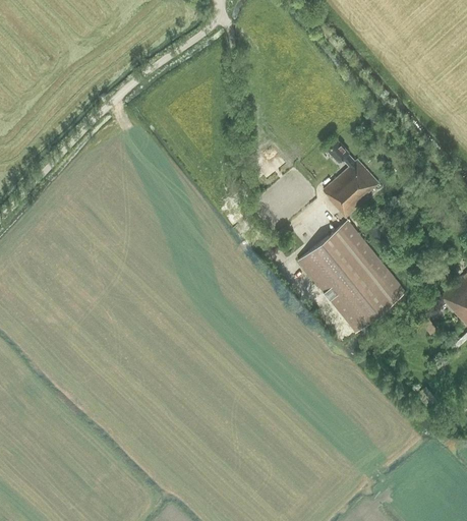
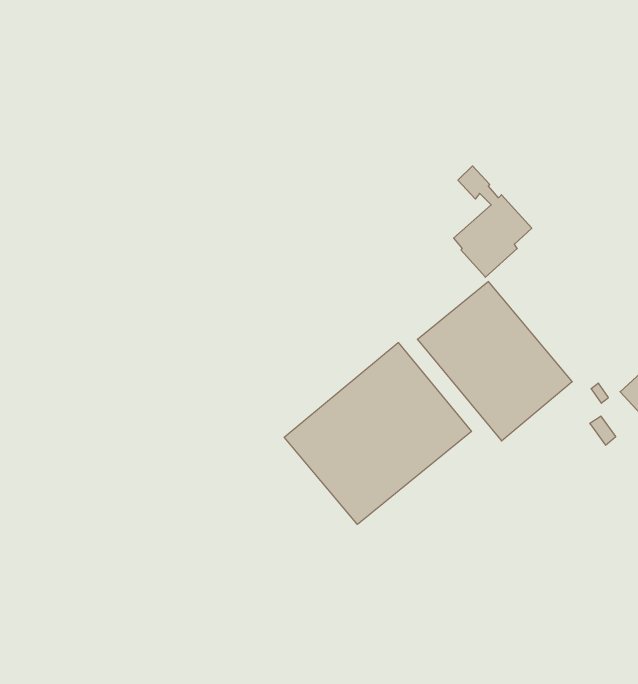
building: none -> [284,343,471,524]

